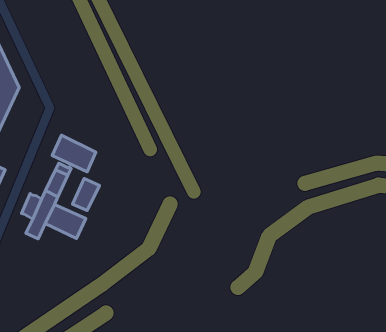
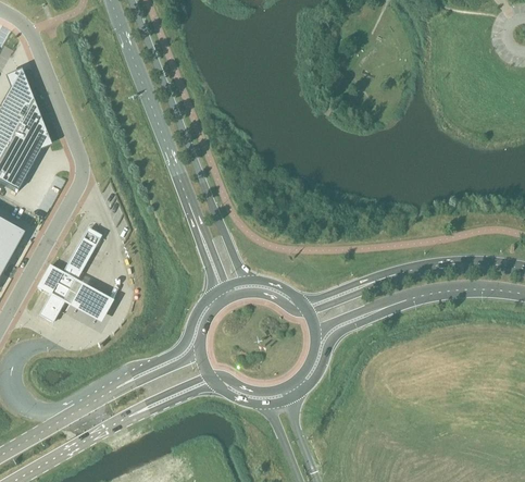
building: [52,135,96,172] -> none
building: [72,178,100,211] -> none

